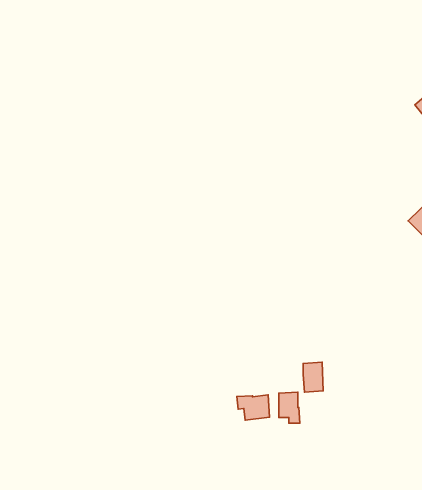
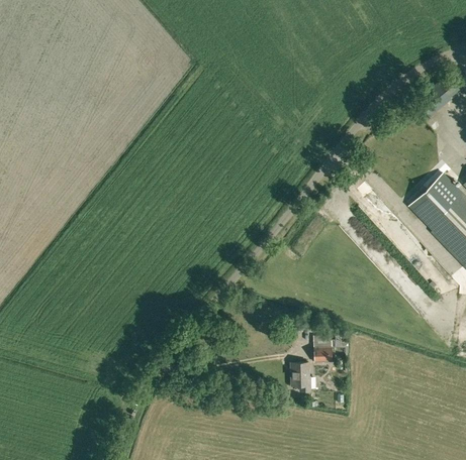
building: [237,395,269,420] -> none

